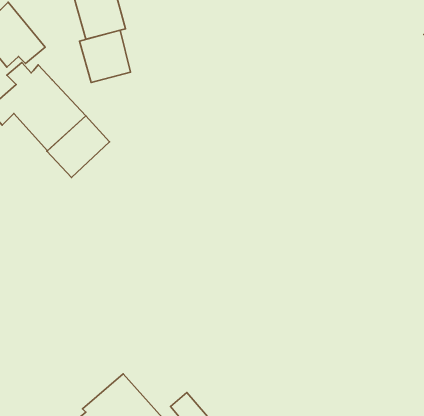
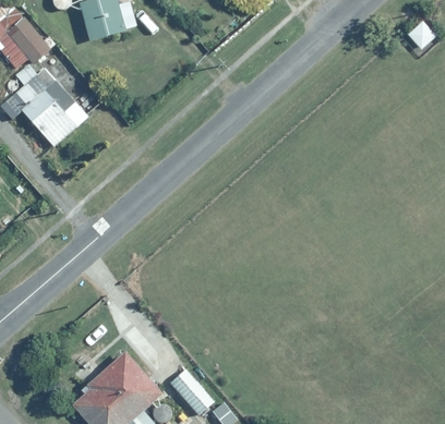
building: [80,30,131,83] -> none
building: [47,116,110,178] -> none

